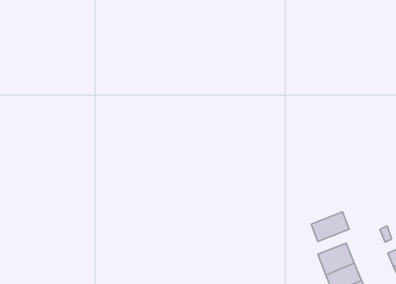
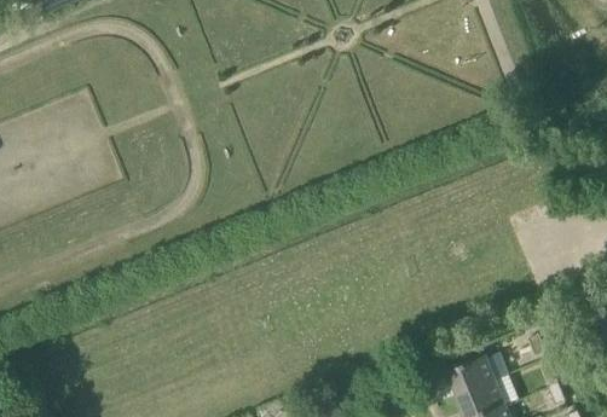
building: [311,212,349,241] -> none

